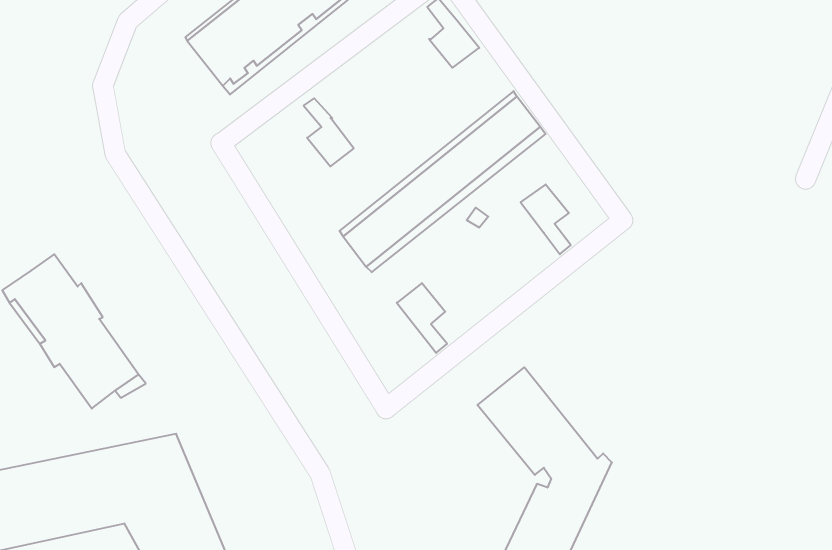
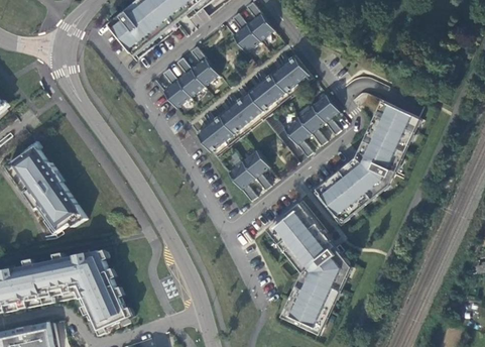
building: none -> [230,11,258,51]
building: none -> [189,44,217,85]
building: none -> [161,67,190,107]
building: none -> [311,93,339,133]
building: none -> [319,102,416,218]
building: none -> [282,115,311,155]
building: none -> [241,149,269,189]

